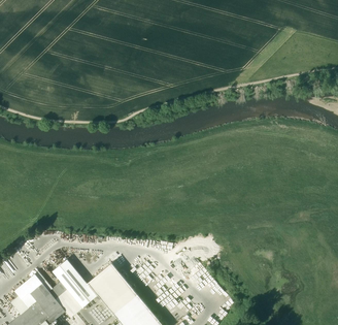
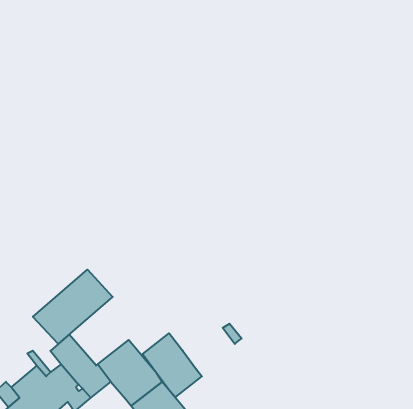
building: none -> [33,270,113,344]
building: none -> [143,333,202,397]

